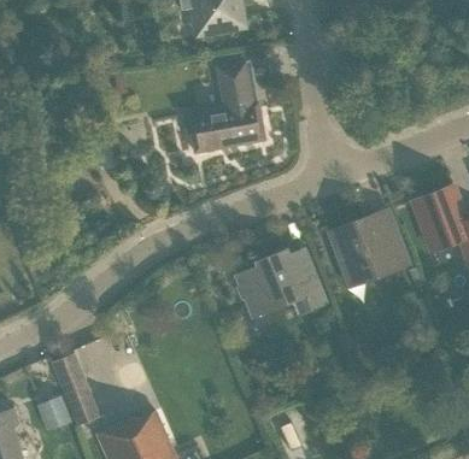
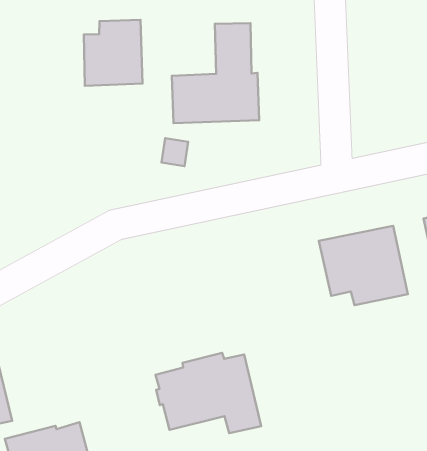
building: none -> [84,20,142,86]
building: [235,248,328,319] -> [156,353,261,433]

